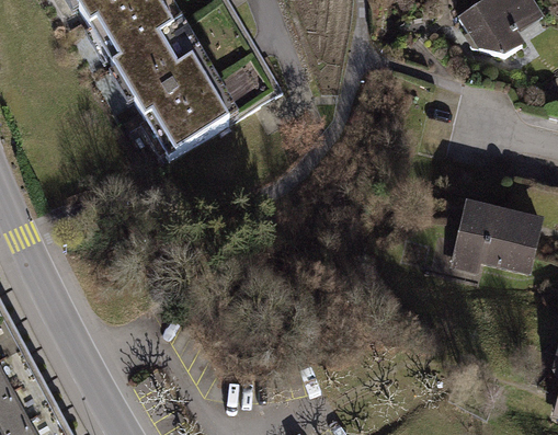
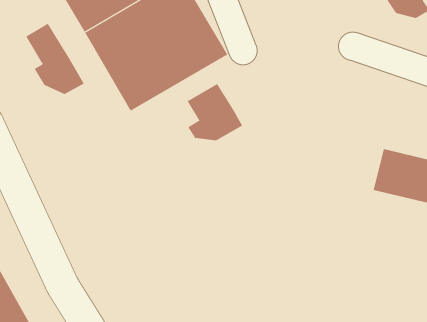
building: none -> [25,23,84,95]
building: none -> [187,83,243,141]

